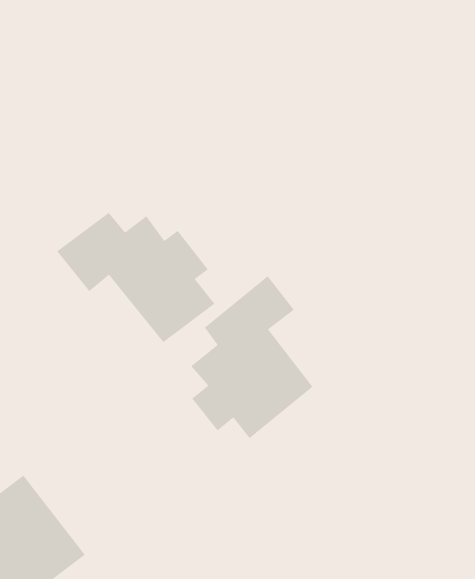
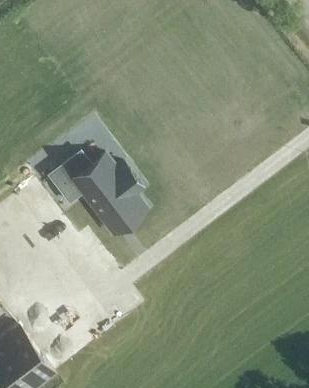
building: [190,275,313,439] -> none

